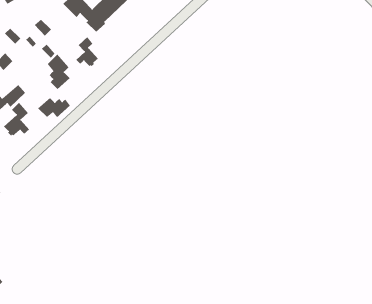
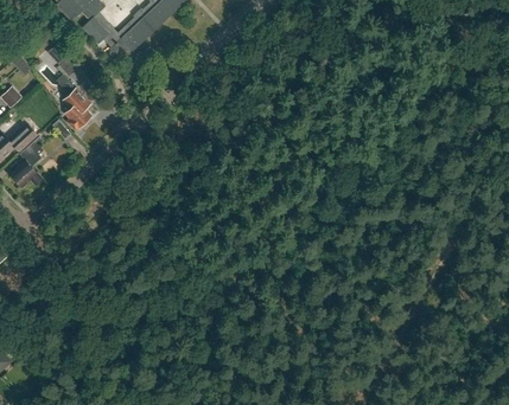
building: [75,36,99,67] -> none
building: [37,97,71,118] -> none

